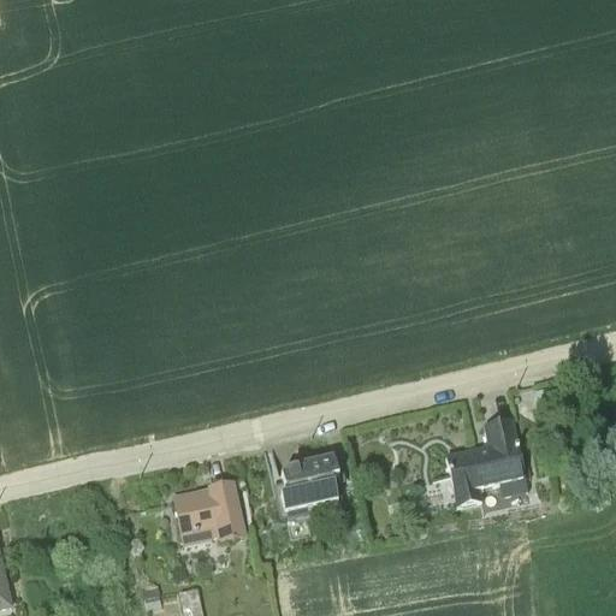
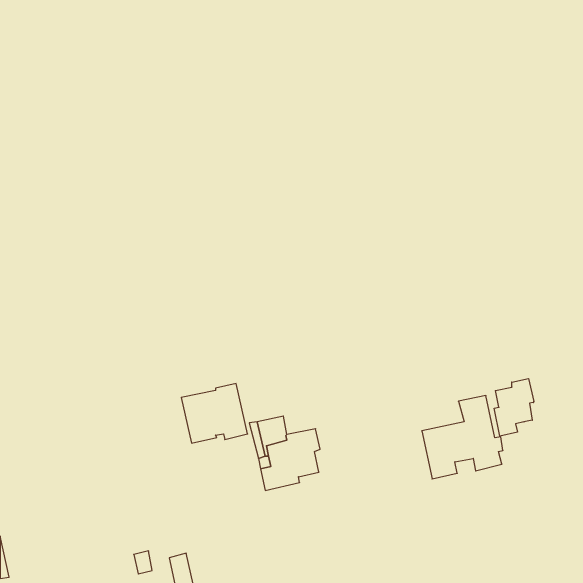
building: none -> [494,379,534,436]
building: [174,481,244,544] -> [181,384,248,443]

